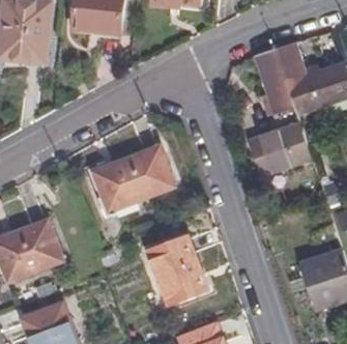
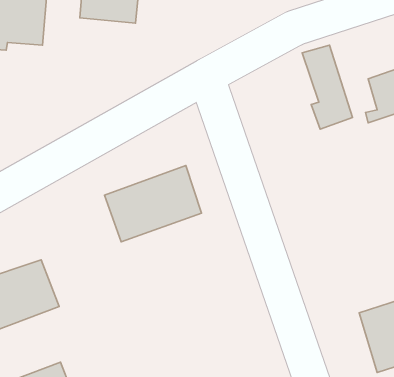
building: [276,42,314,114] -> none
building: [249,124,312,176] -> none
building: [147,234,206,302] -> none

